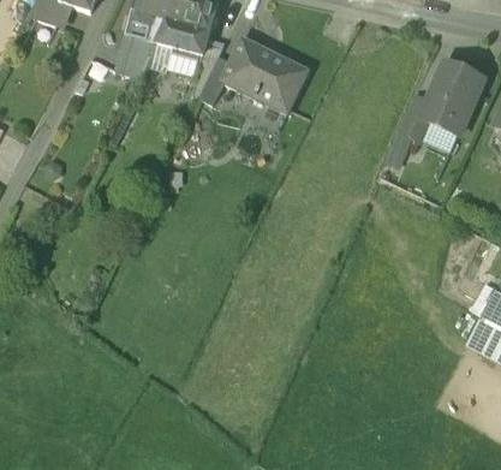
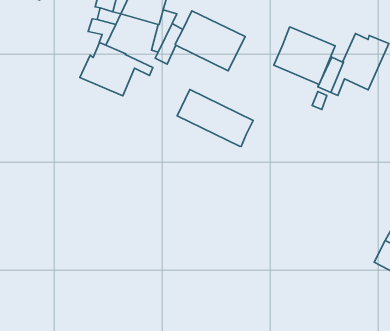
building: none -> [274,27,335,84]
building: none -> [80,43,153,96]
building: none -> [177,90,253,146]

